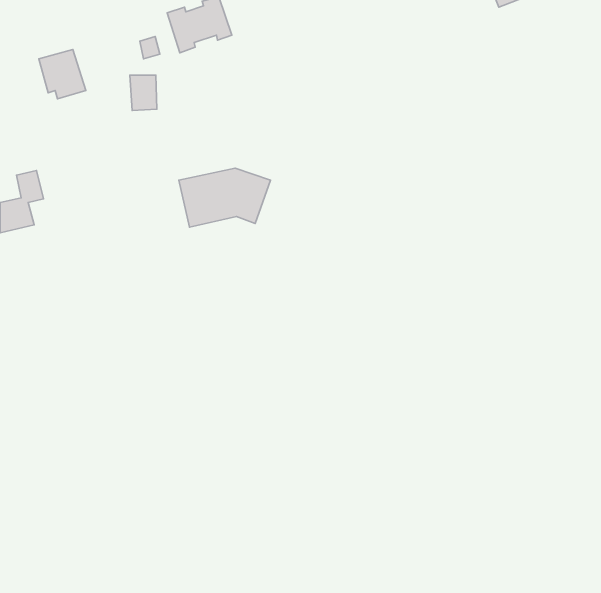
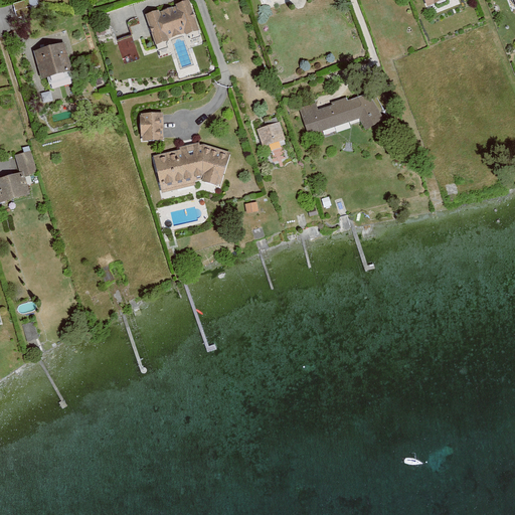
building: [130,75,157,110] -> [139,111,162,141]
building: none -> [302,94,385,135]
building: none -> [256,121,286,149]

